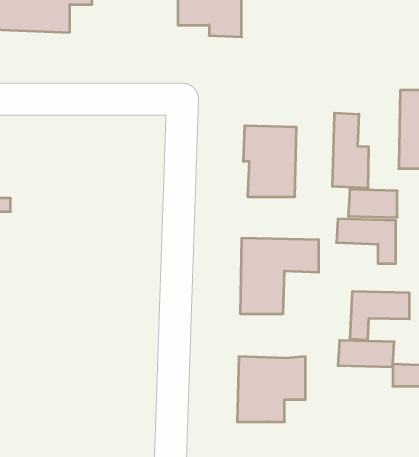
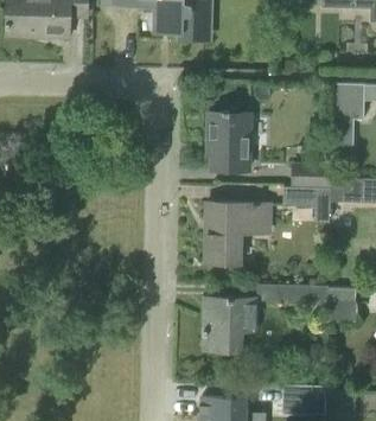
building: [333,113,368,188] -> none
building: [350,291,409,340] -> none

